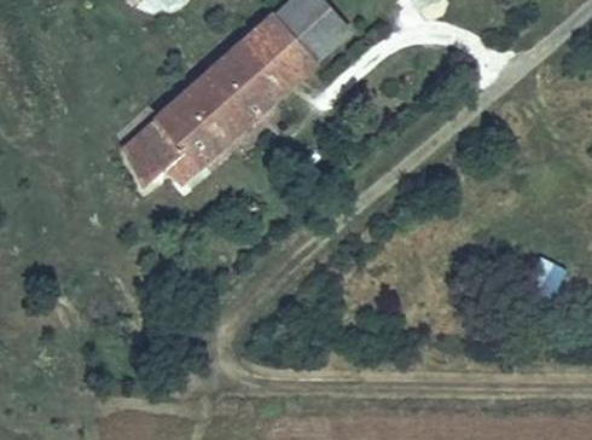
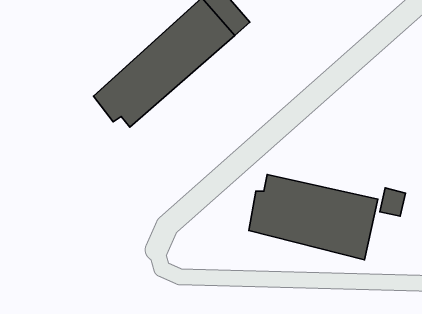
building: none -> [249,174,378,260]

